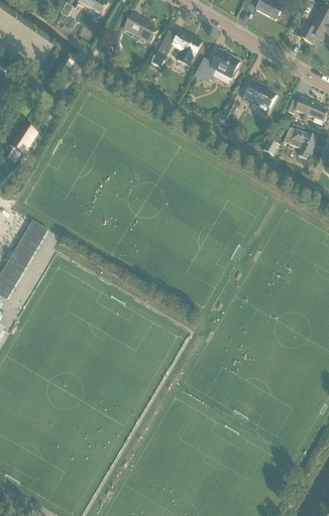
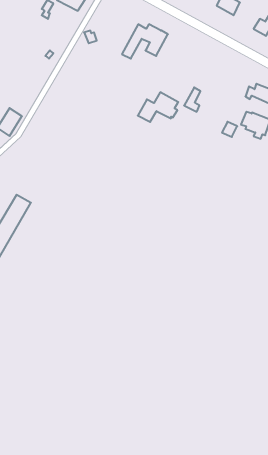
building: [124,12,157,41] -> none
building: [194,48,239,82] -> [138,92,178,122]
building: [242,78,277,106] -> none

